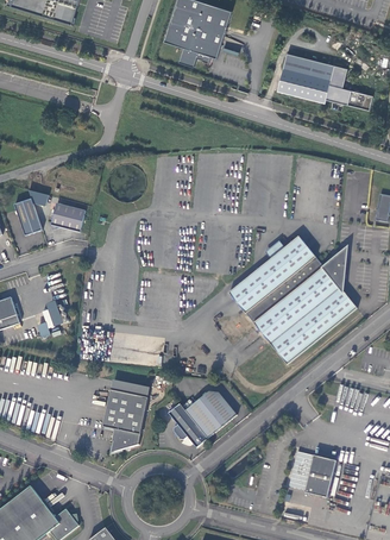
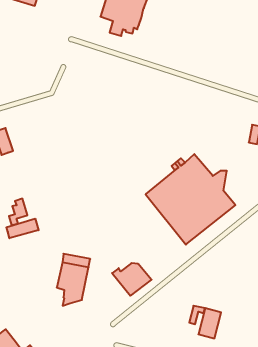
building: [277,54,372,109] -> none
building: [49,203,83,232] -> none
building: none -> [6,219,39,238]
building: [168,402,208,447] -> none

